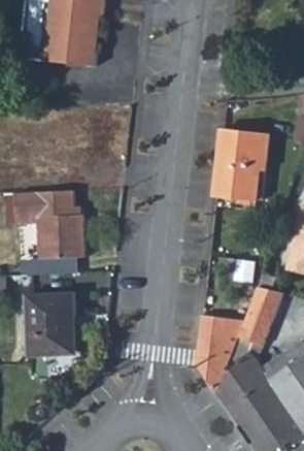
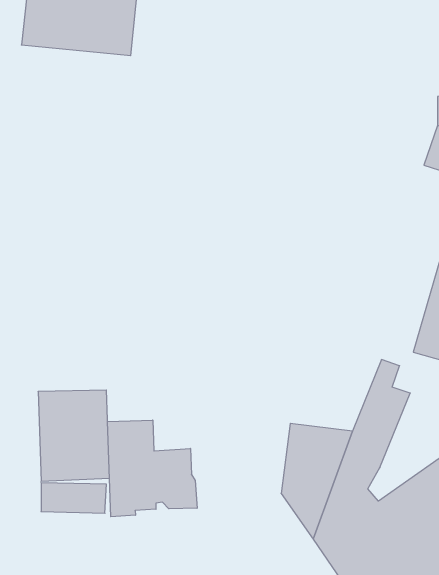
building: [214,131,267,199] -> none
building: [14,190,83,258] -> none
building: none -> [108,420,197,517]

